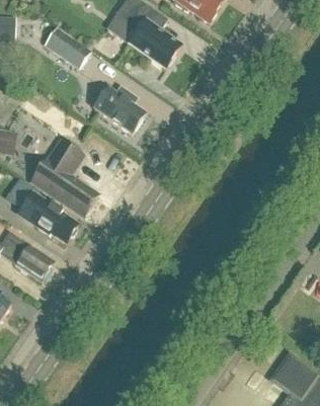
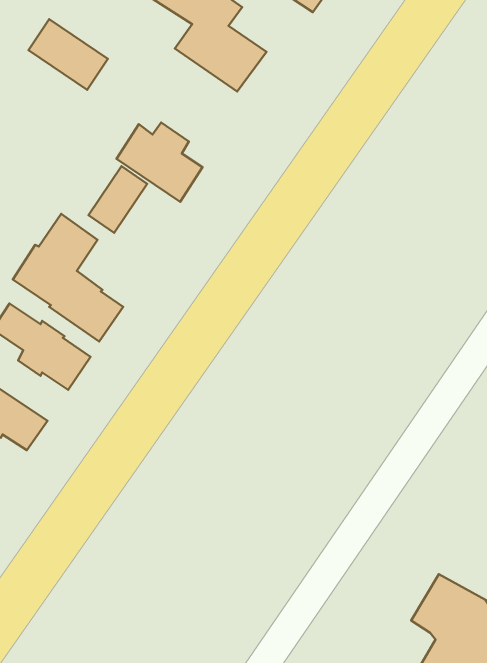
building: none -> [88,166,147,233]

